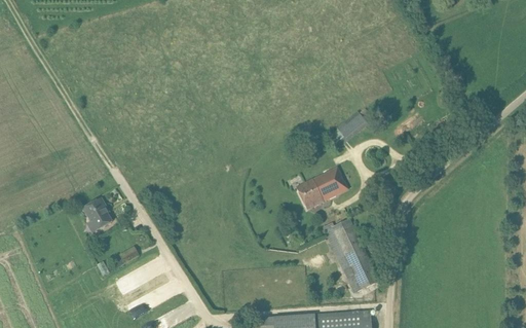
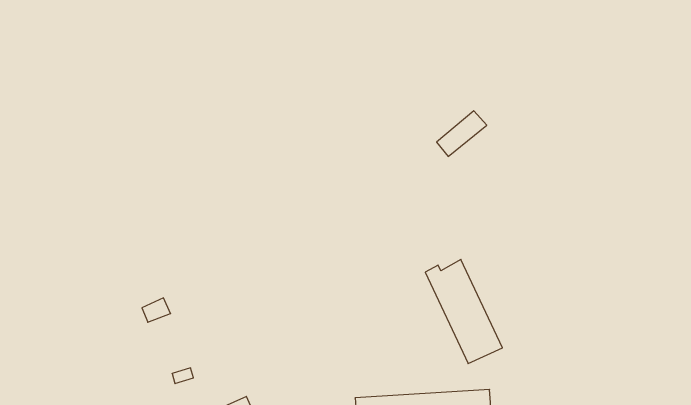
building: [297,163,356,208] -> none
building: [83,197,112,229] -> none

